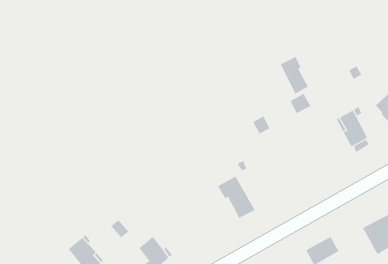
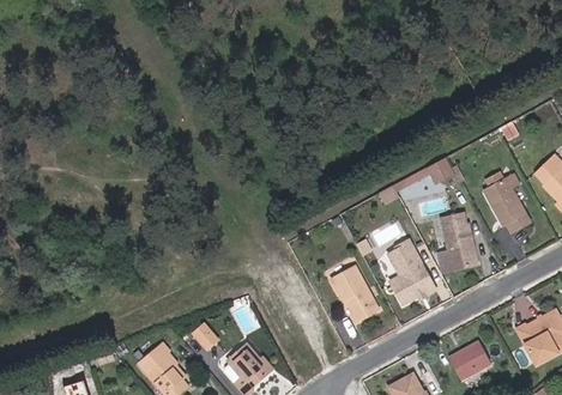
building: [280,56,309,94] -> none
building: none -> [442,224,472,271]
building: none -> [388,247,431,304]

